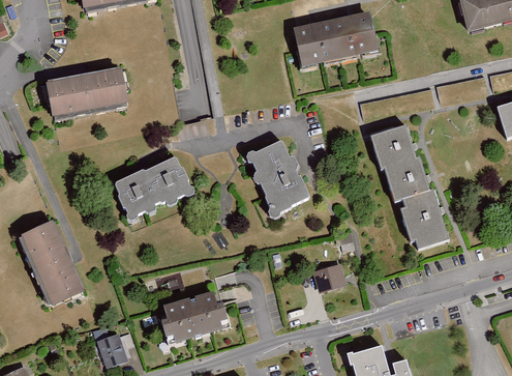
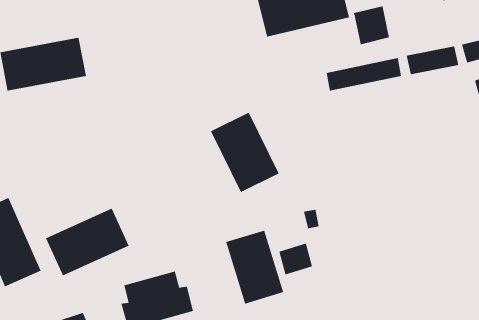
building: none -> [354,5,390,45]
building: [370,127,448,249] -> none
building: [111,156,191,222] -> [45,208,129,276]
building: none -> [226,230,284,304]

